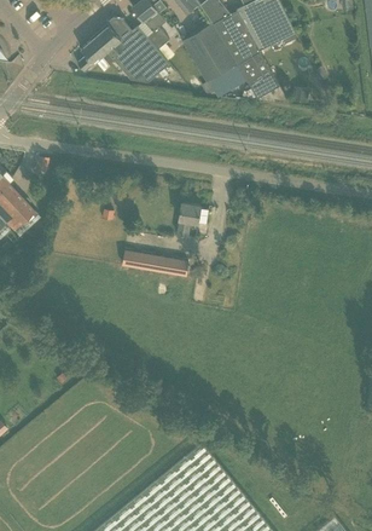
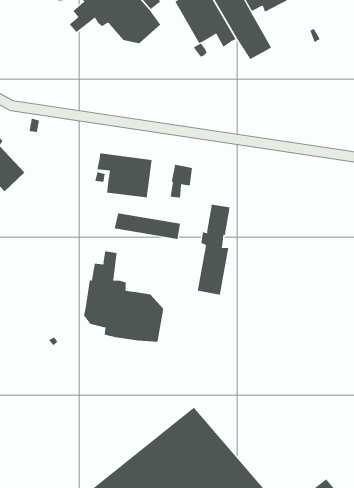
building: none -> [97,152,152,198]
building: none -> [197,204,230,295]
building: none -> [83,251,164,343]

